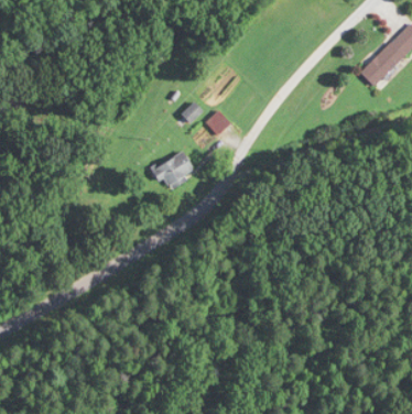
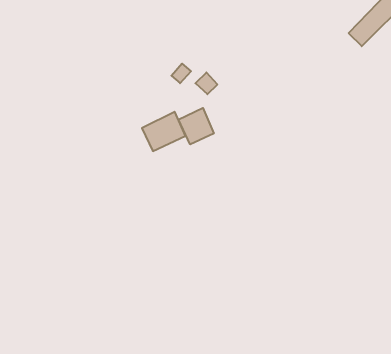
building: none -> [179,108,214,144]

